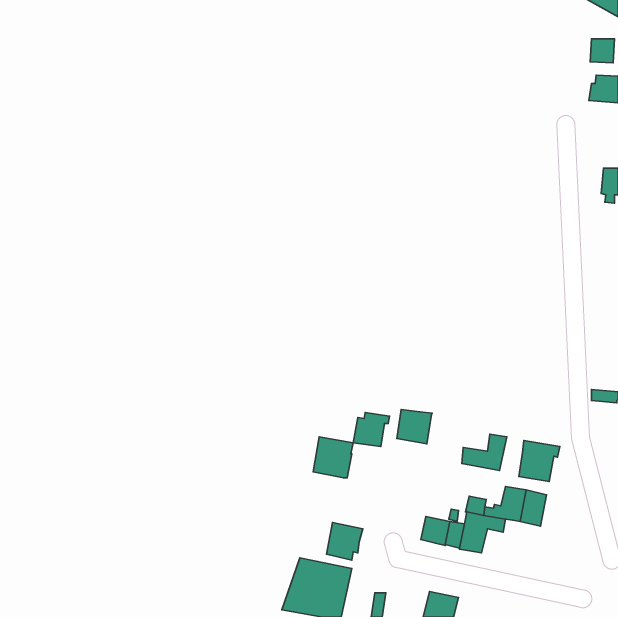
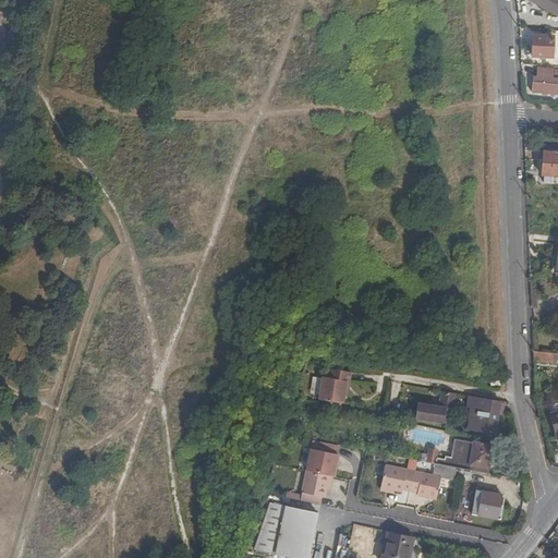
building: [397,410,432,444] -> none
building: [313,437,353,478] -> [300,439,336,476]
building: none -> [471,489,501,519]

